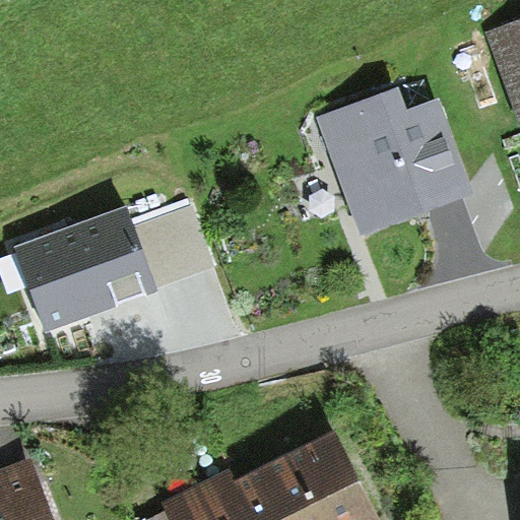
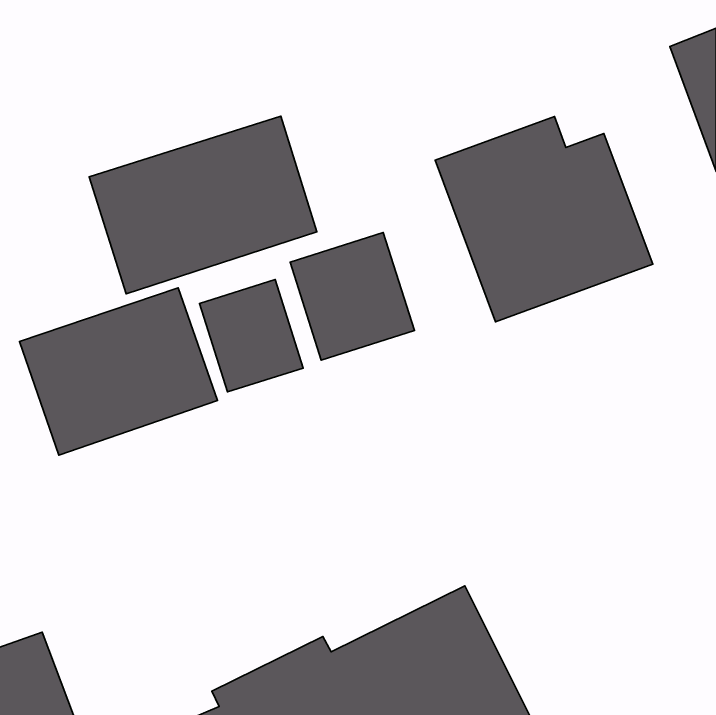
building: none -> [89,116,317,294]
building: none -> [290,232,414,360]

